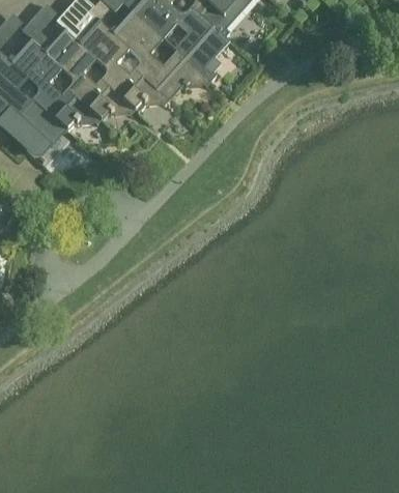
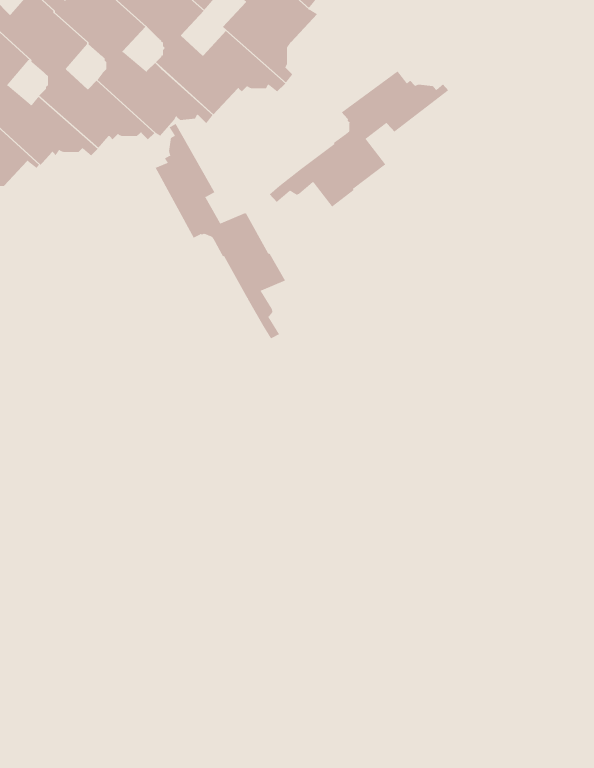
building: none -> [269,70,449,208]
building: none -> [155,123,286,339]

